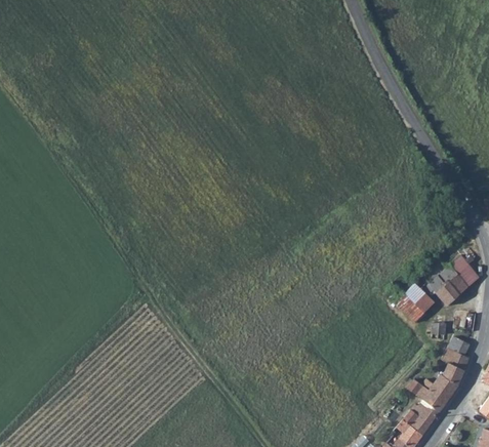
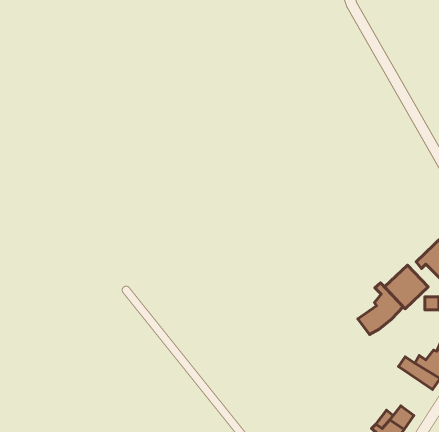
building: none -> [358,283,403,335]
building: [409,396,440,430] -> none

